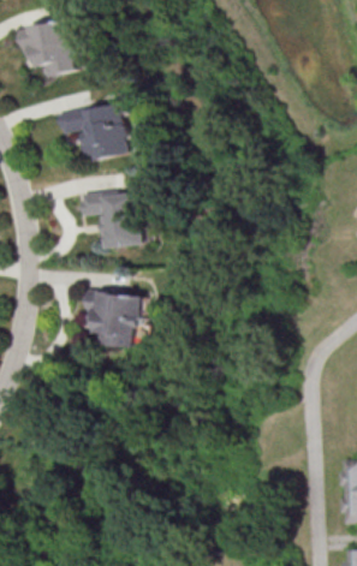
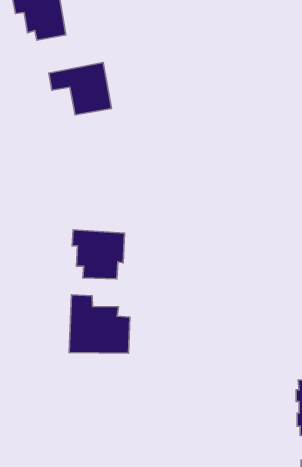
building: [83,192,147,248] -> none
building: none -> [69,295,130,353]

